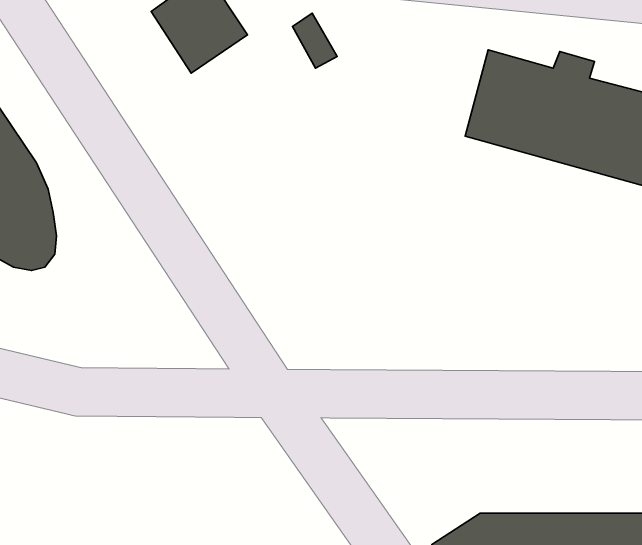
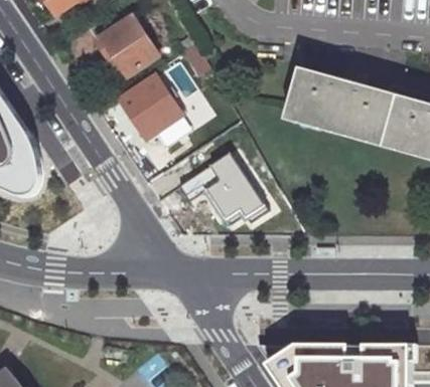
building: none -> [119,76,181,141]
building: none -> [180,152,269,225]

